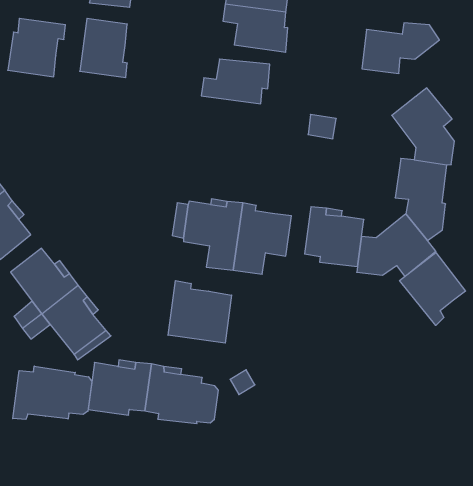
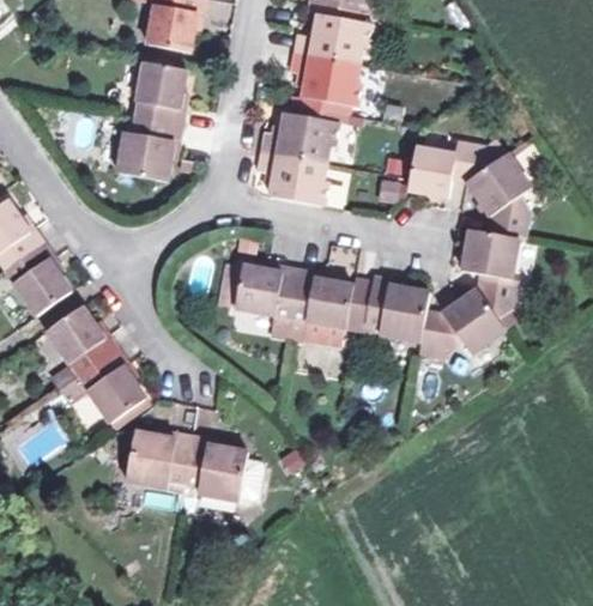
building: [8,18,65,77] -> [116,116,181,181]
building: [362,23,439,73] -> [407,143,492,196]
building: none -> [256,150,326,205]
building: [400,253,466,325] -> none
building: [168,281,232,343] -> none
building: [13,366,92,419] -> none

